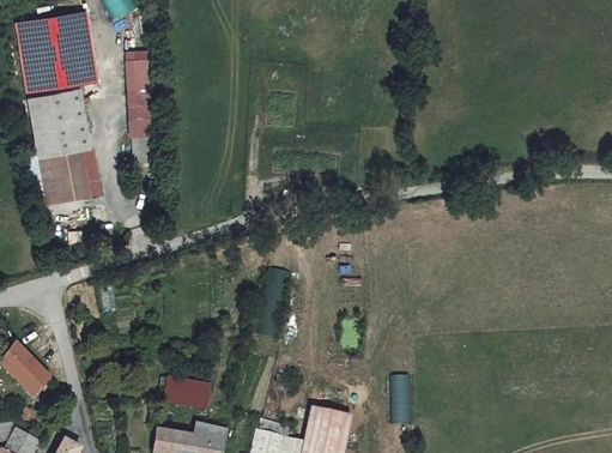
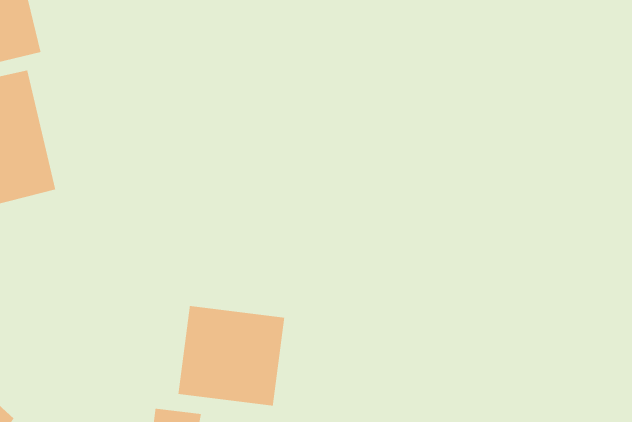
building: [127,53,153,140] -> none
building: none -> [178,305,285,407]

